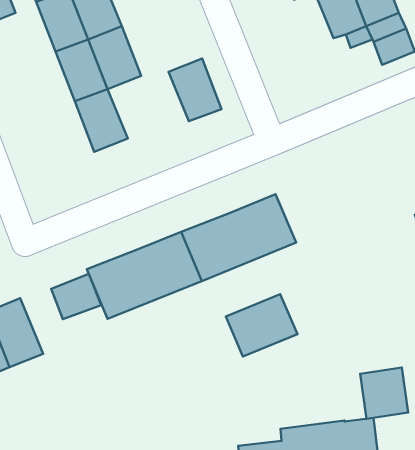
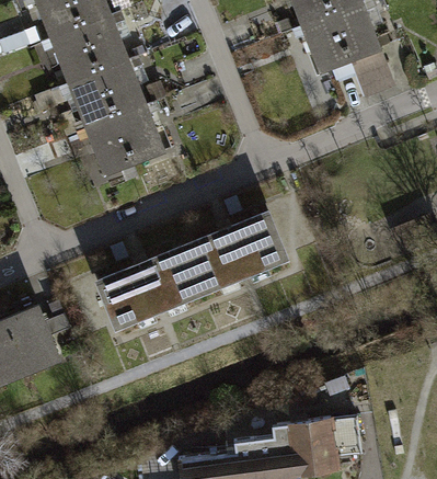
building: [168,58,222,121] -> [116,107,164,164]
building: [51,274,101,319] -> none
building: [226,294,297,356] -> none
building: [360,367,408,419] -> none

